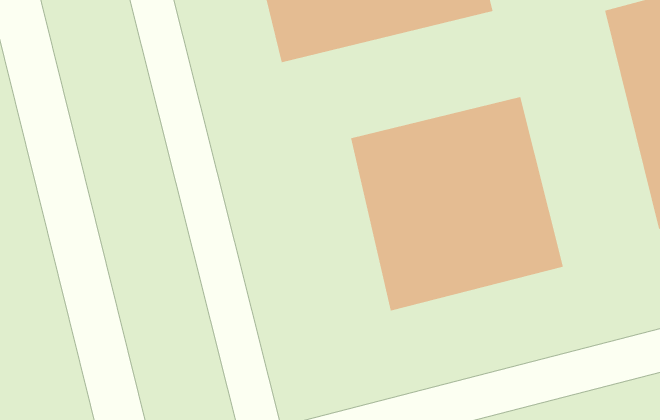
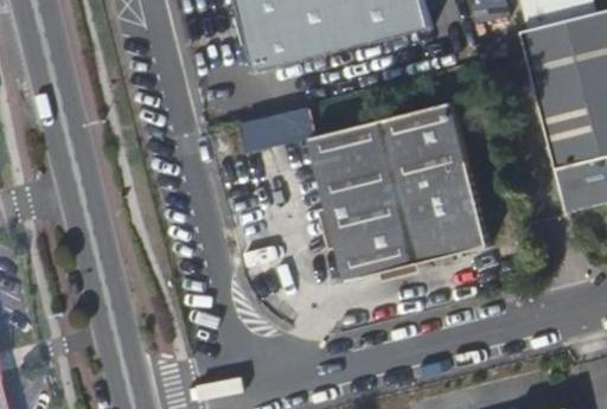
building: none -> [235,106,313,152]

